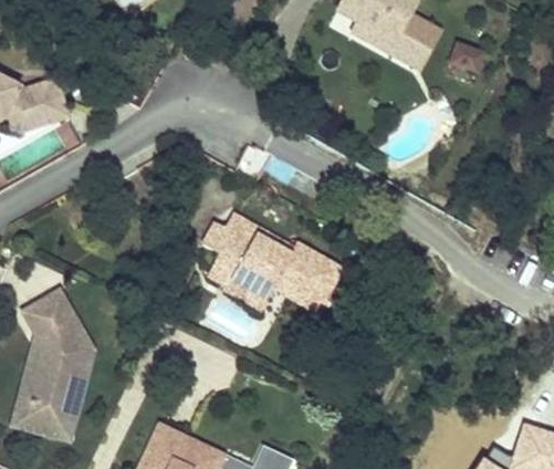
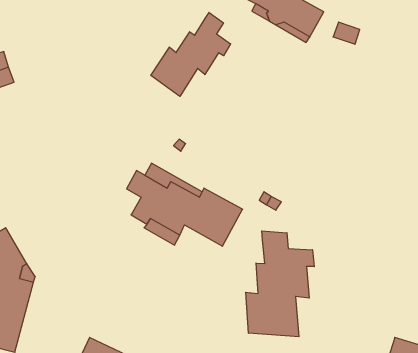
building: none -> [151,12,231,96]
building: none -> [246,231,314,337]

